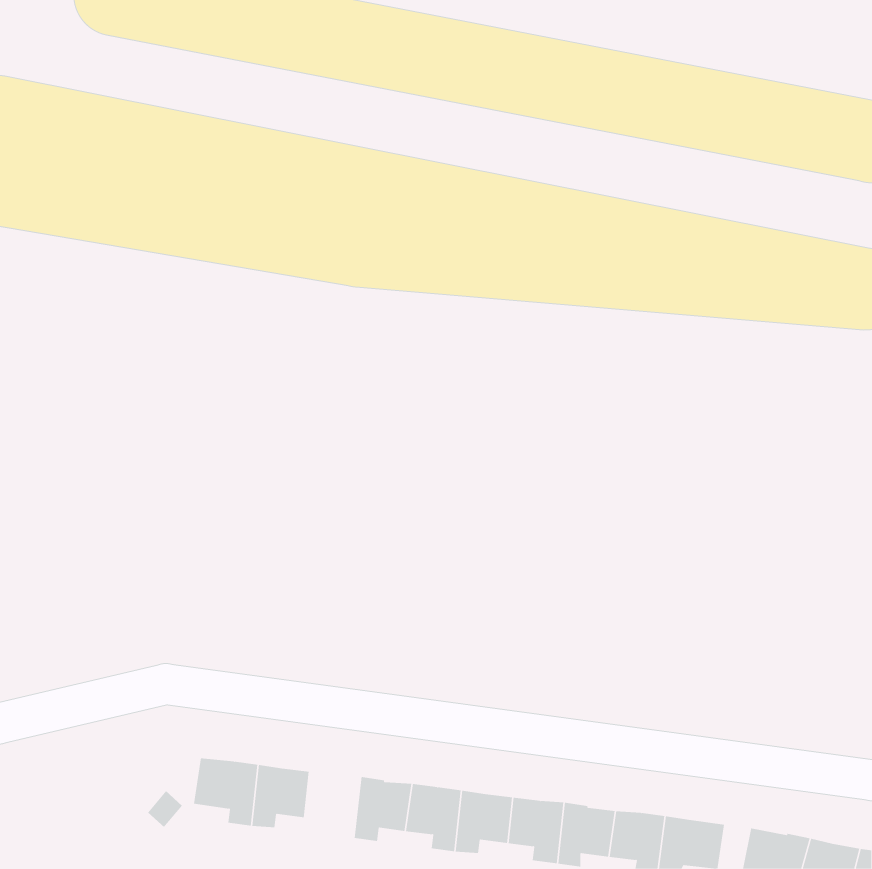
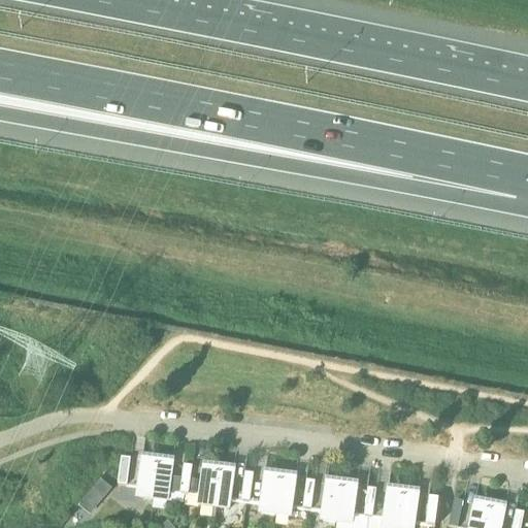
building: none -> [184,465,218,505]

